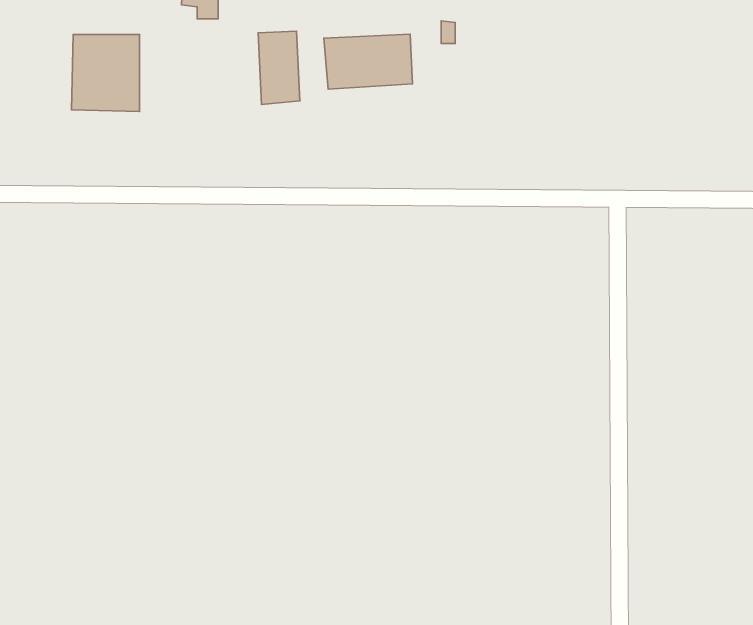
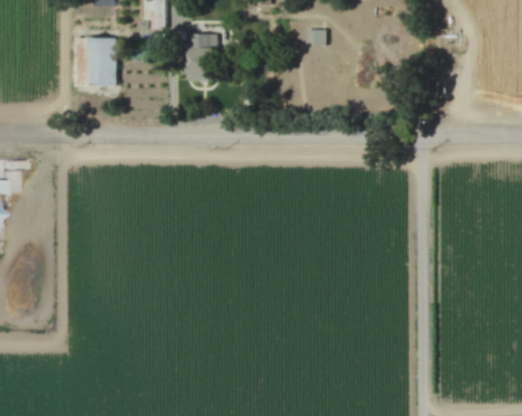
building: [324,34,413,89] -> none

